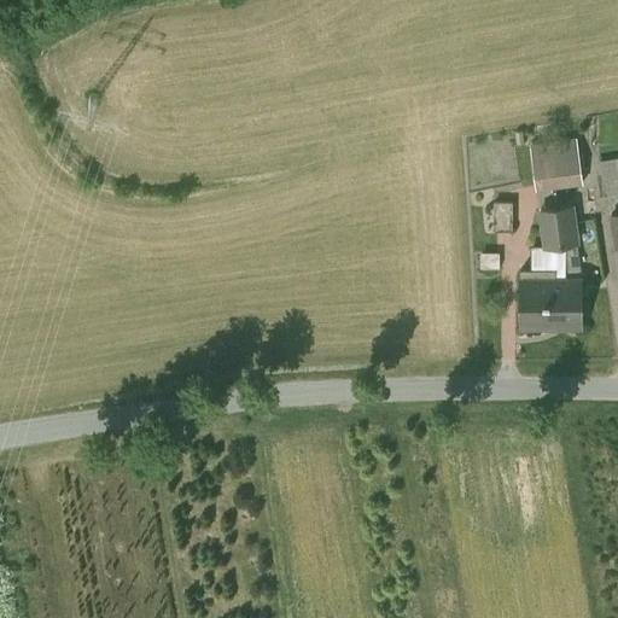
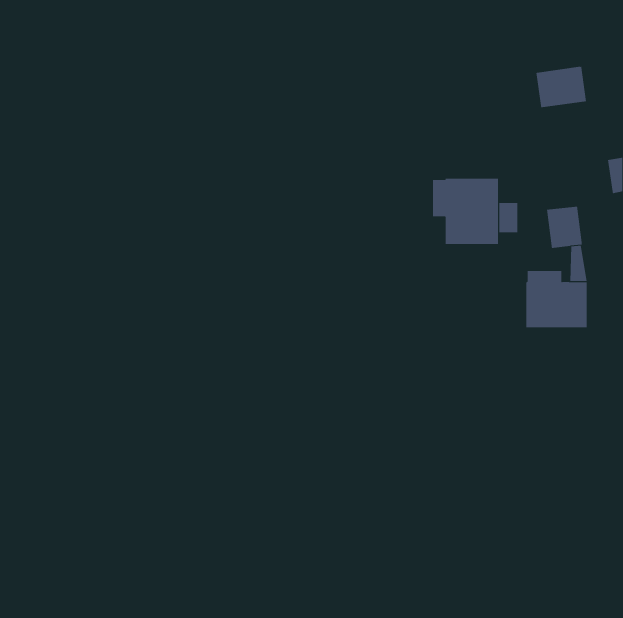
building: [531,144,582,186] -> [536,65,587,108]
building: none -> [432,178,499,245]

